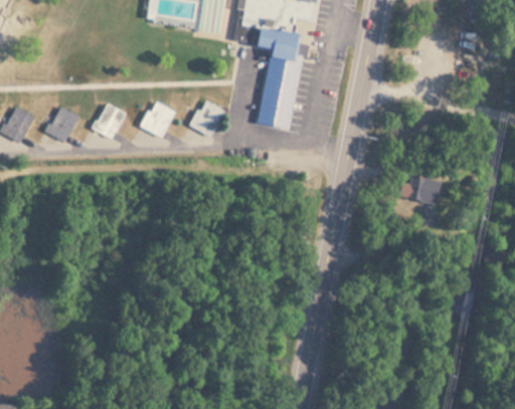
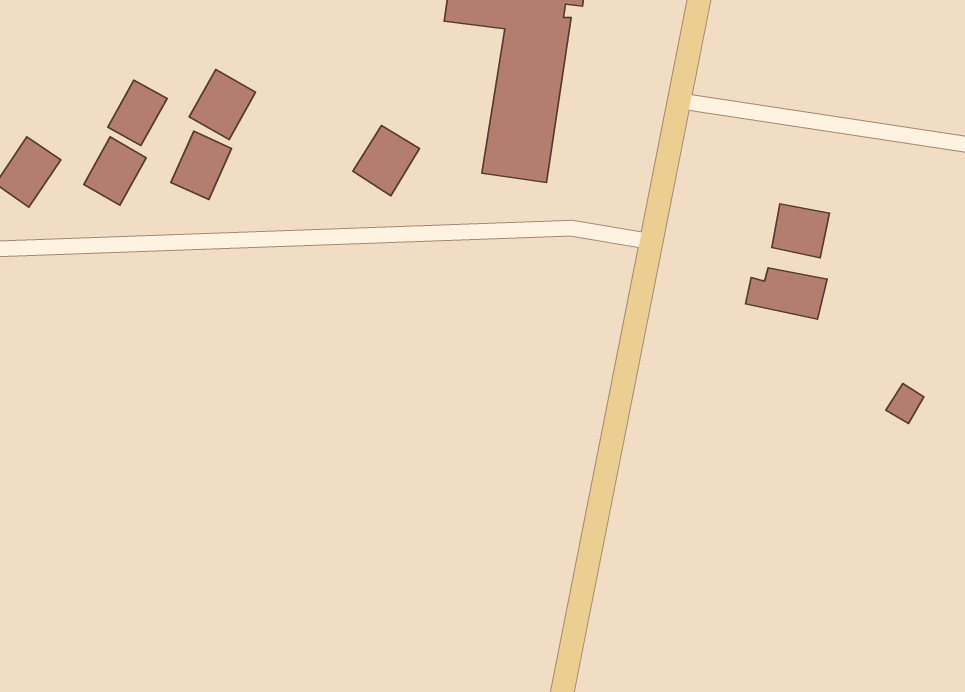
building: none -> [108,80,167,145]
building: [140,99,175,137] -> [189,69,256,140]
building: none -> [772,204,830,258]

